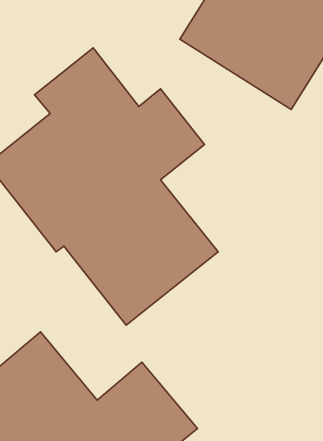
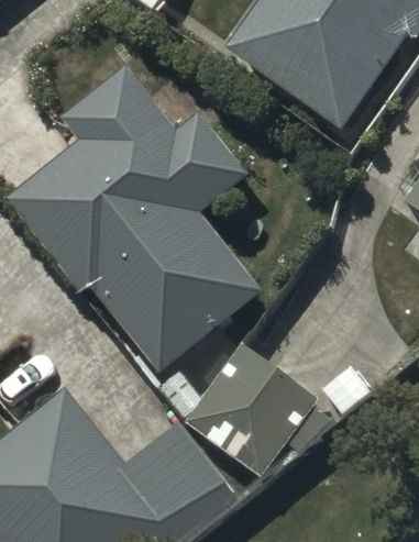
building: none -> [185,342,320,478]

